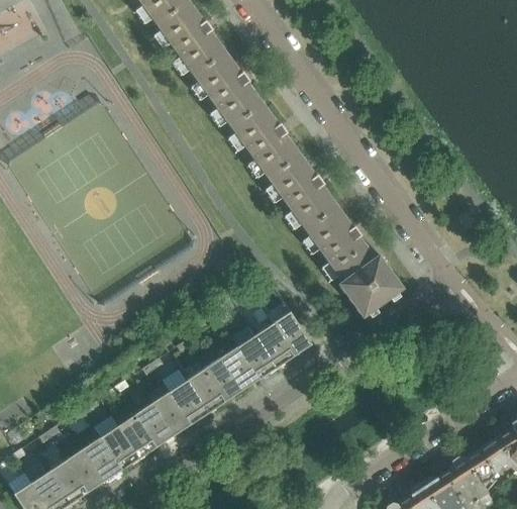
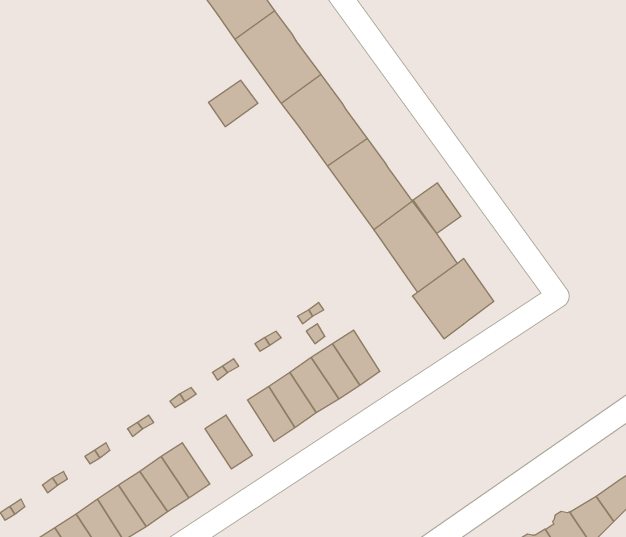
building: none -> [209,80,258,127]
building: none -> [413,183,461,233]
building: [188,368,226,412] -> none
building: [152,391,192,435] -> none

